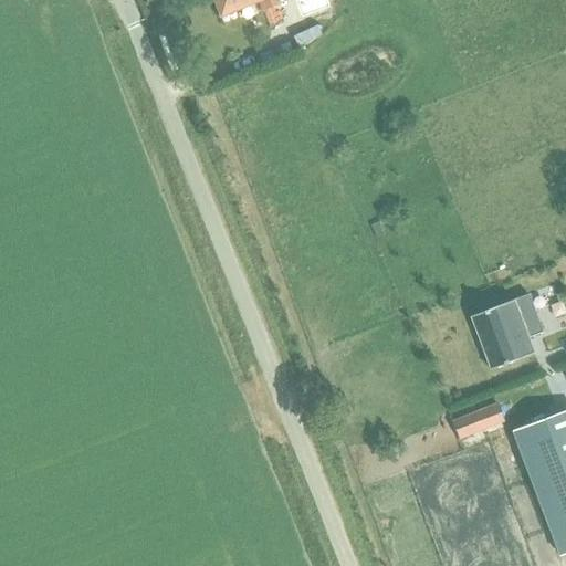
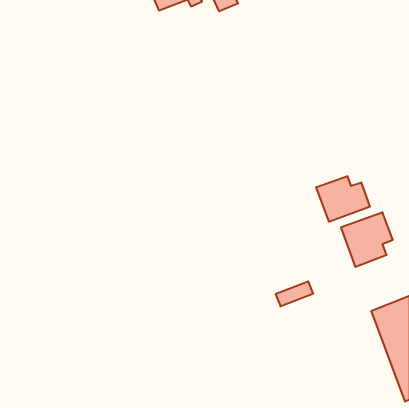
building: none -> [316,176,370,222]
building: [452,402,504,437] -> [276,281,313,306]

